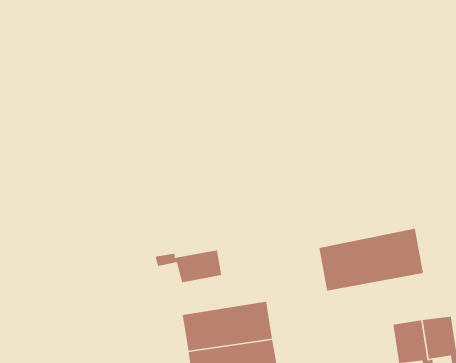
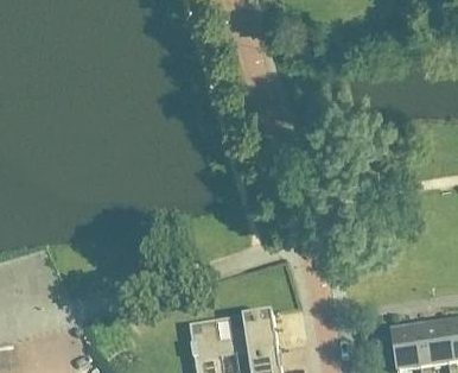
building: [319,228,424,292] -> none
building: [155,249,222,283] -> none

